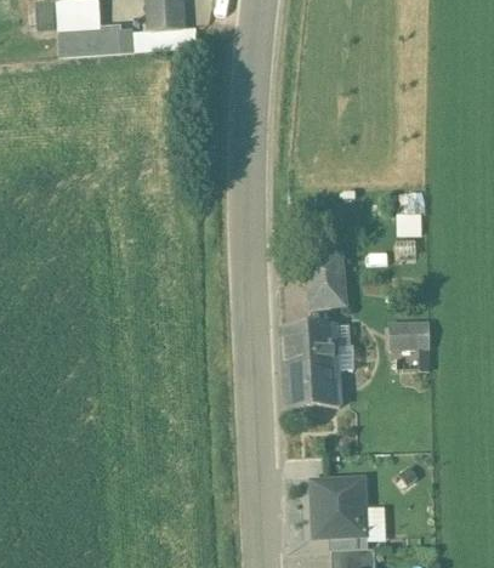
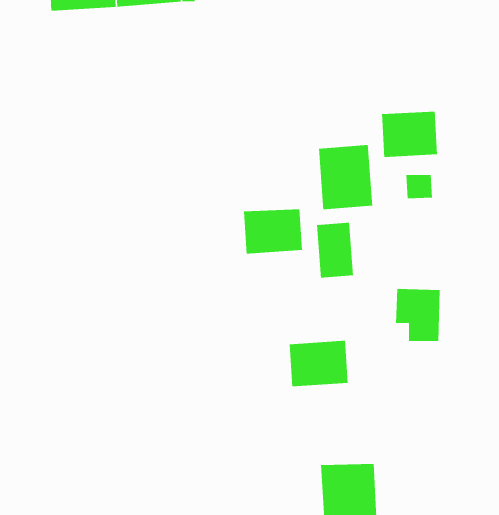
building: none -> [382,111,437,158]
building: none -> [318,144,373,210]
building: [283,324,339,367] -> [243,209,303,254]

